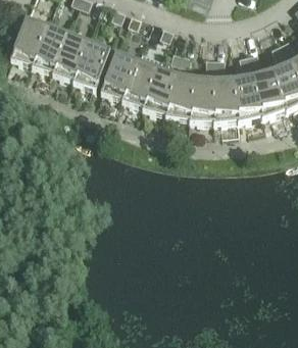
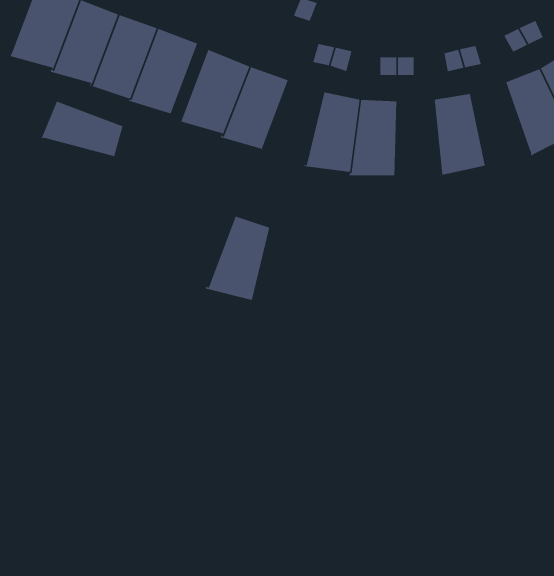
building: [140,69,175,114] -> [204,215,270,300]
building: [252,70,284,117] -> none
building: [211,80,237,121] -> none
building: none -> [40,100,124,157]

